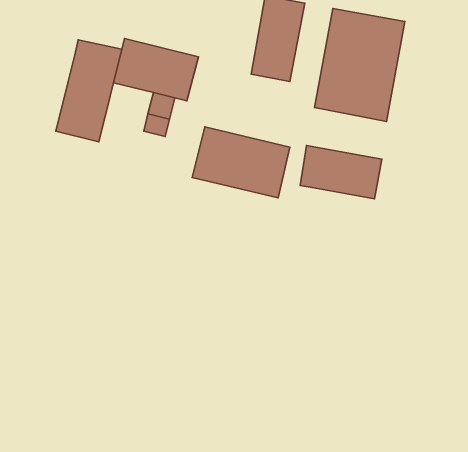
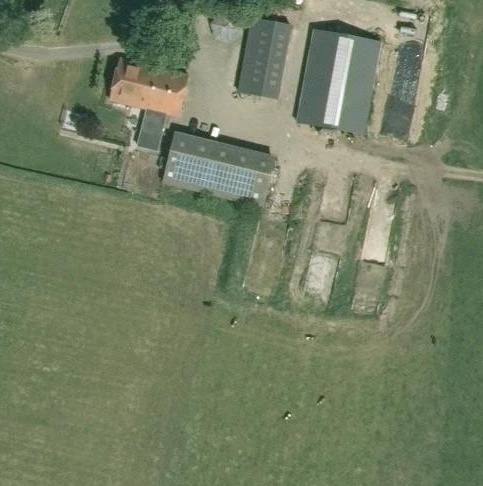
building: [56,40,122,142] -> none
building: none -> [162,133,195,185]
building: [300,145,382,199] -> none

